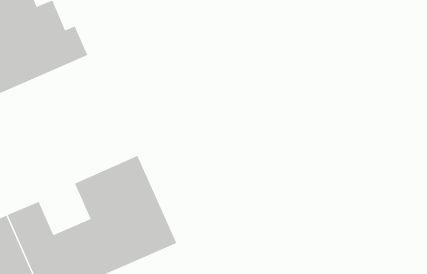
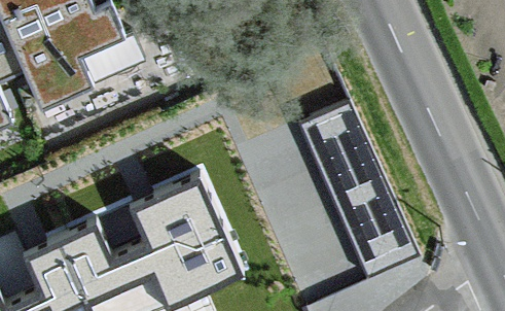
building: none -> [297,98,417,274]

